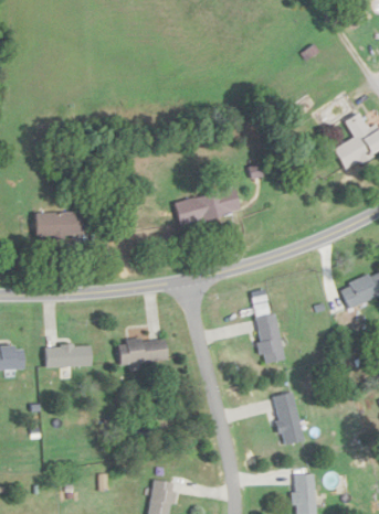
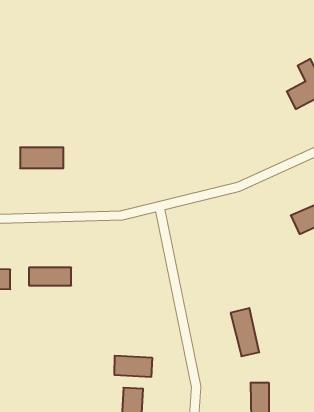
building: [176,188,242,226] -> none
building: [254,303,282,364] -> none
building: [118,338,169,365] -> none
building: none -> [115,356,152,377]

